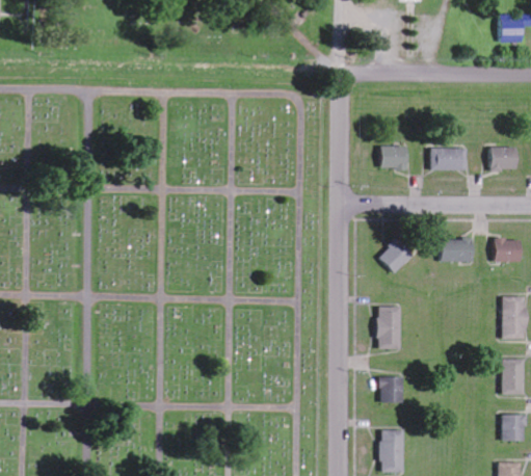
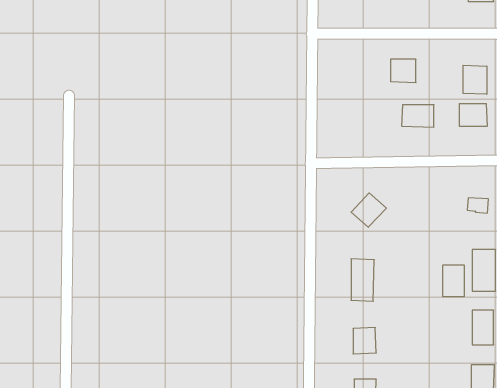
building: none -> [463,65,487,94]
building: [380,146,406,169] -> [391,59,416,83]
building: [440,239,472,262] -> none
building: none -> [443,265,464,297]

